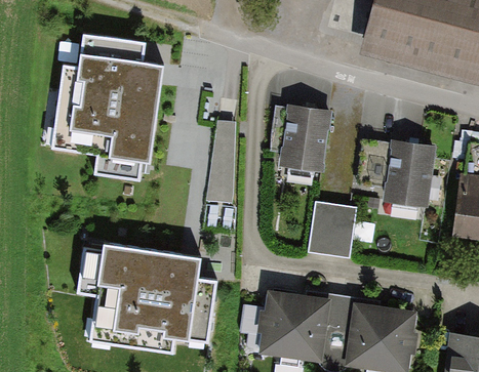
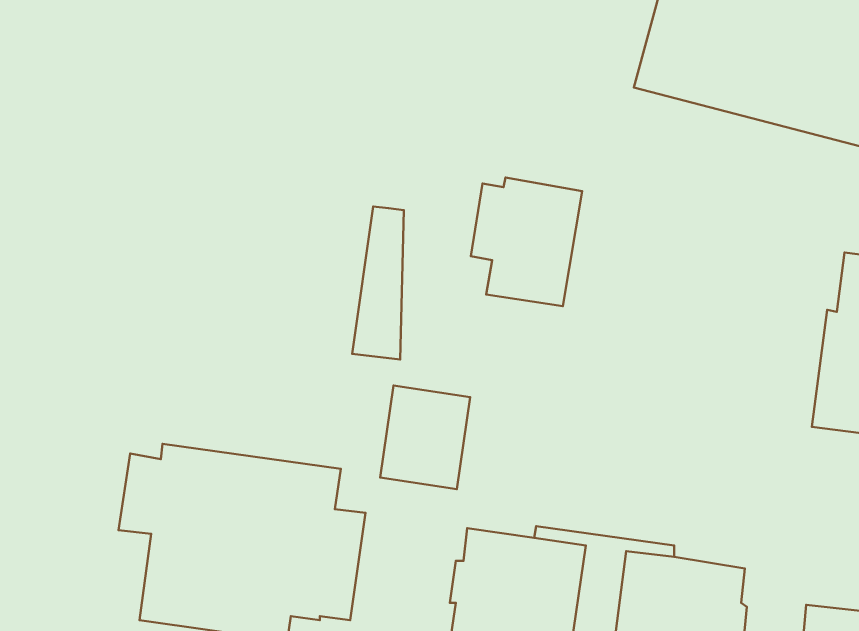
building: [50,36,164,178] -> none
building: [361,135,435,205] -> none
building: [309,201,357,256] -> [380,386,470,489]

